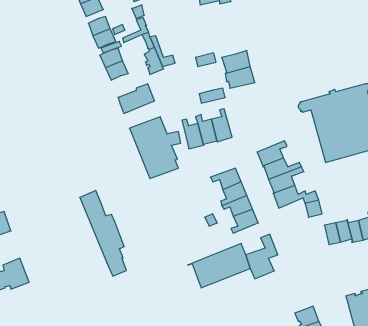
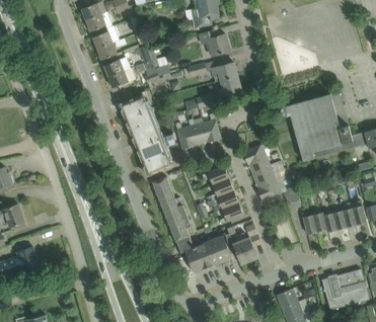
building: none -> [199,29,229,56]
building: none -> [124,106,156,131]
building: [80,191,126,276] -> [151,176,193,252]

